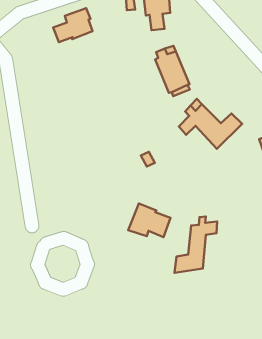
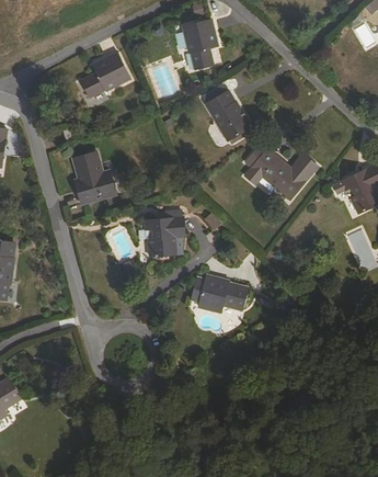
building: none -> [72,150,115,203]
building: none -> [144,216,184,254]
building: [174,217,217,273] -> none

